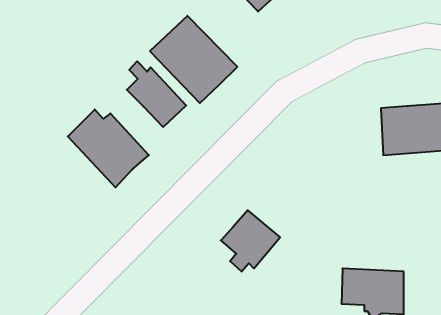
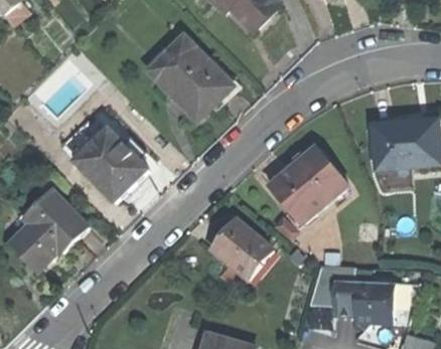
building: [127,61,186,127] -> none
building: none -> [265,146,344,224]
building: none -> [8,186,89,270]

